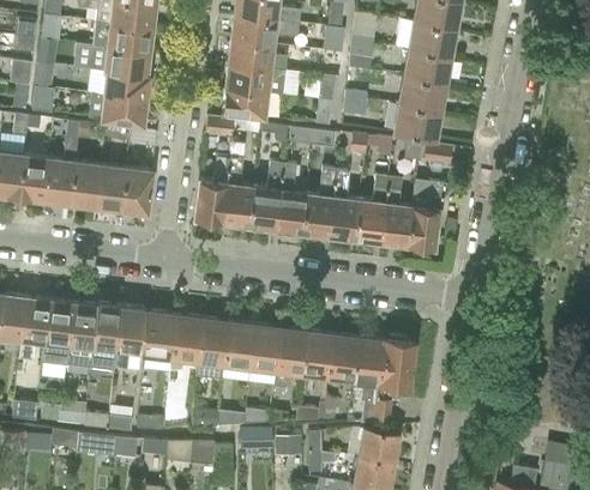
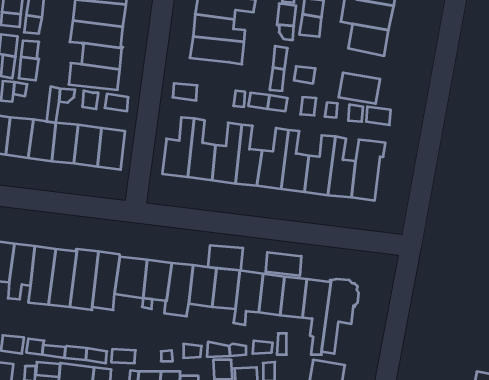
building: [398,77,445,111] -> none
building: [223,87,270,117] -> none
building: none -> [208,245,243,271]
building: none -> [266,252,301,276]

